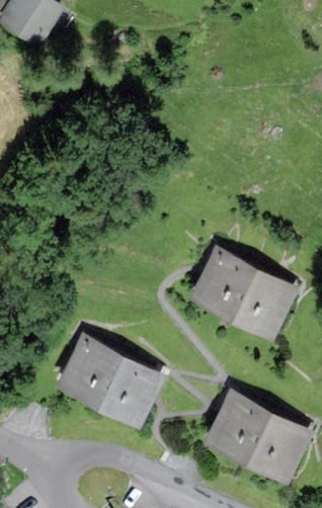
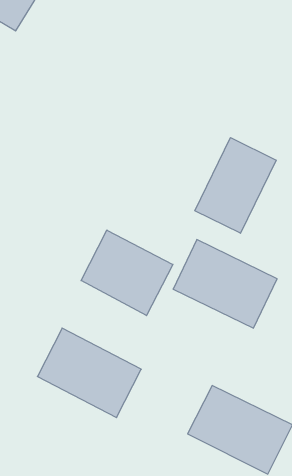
building: none -> [195,138,276,233]
building: none -> [81,230,173,316]

